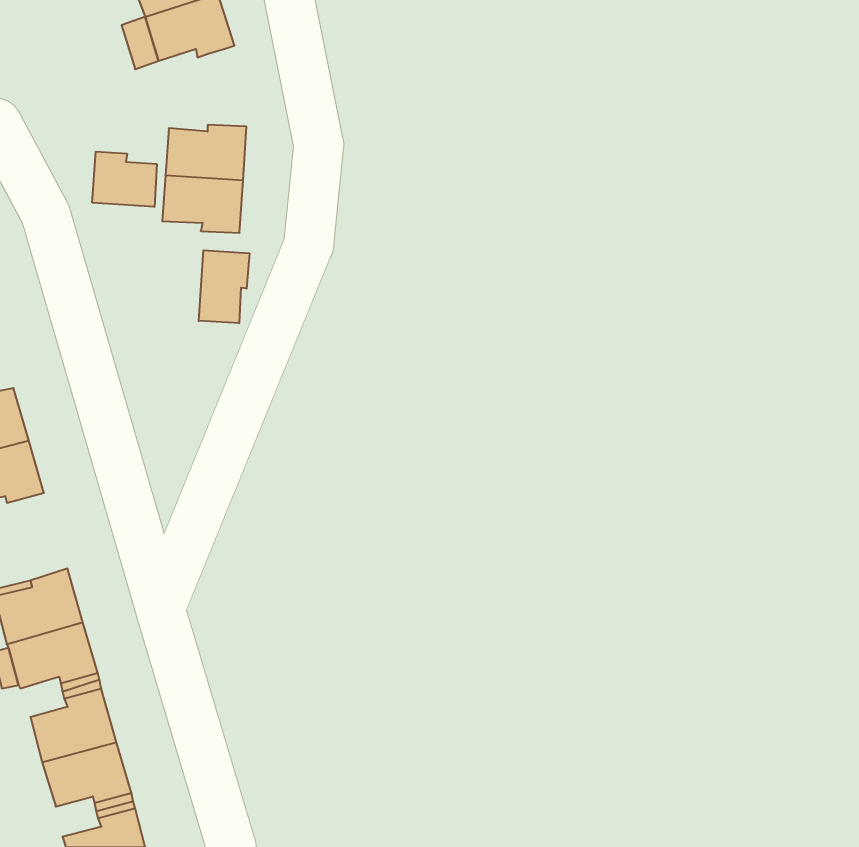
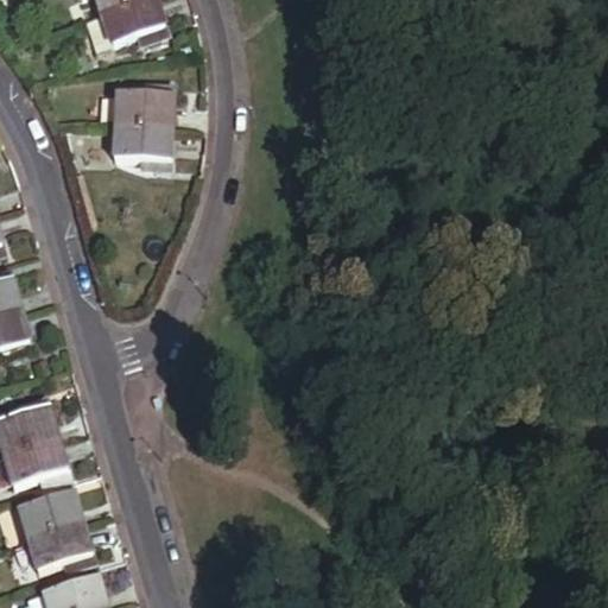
building: [92,152,157,207] -> none
building: [199,250,250,323] -> none

